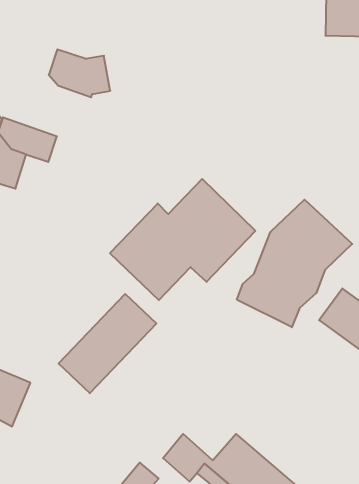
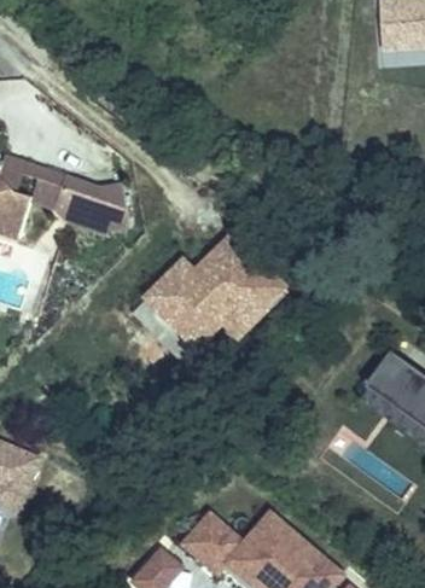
building: [49,49,110,97] -> [57,177,127,232]
building: [237,200,352,327] -> none
building: [59,294,156,393] -> none

